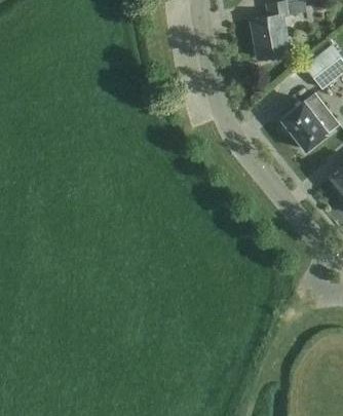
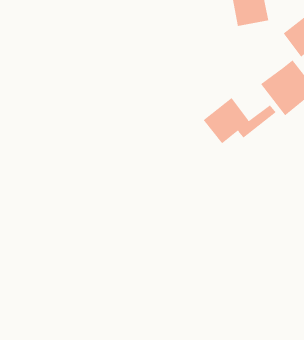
building: none -> [203,97,277,144]

